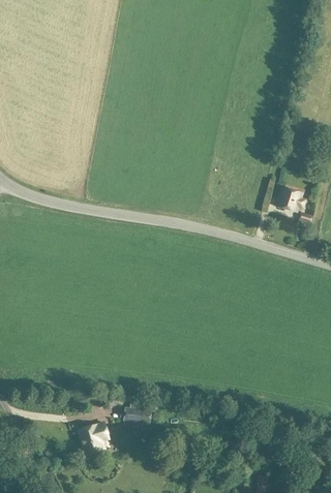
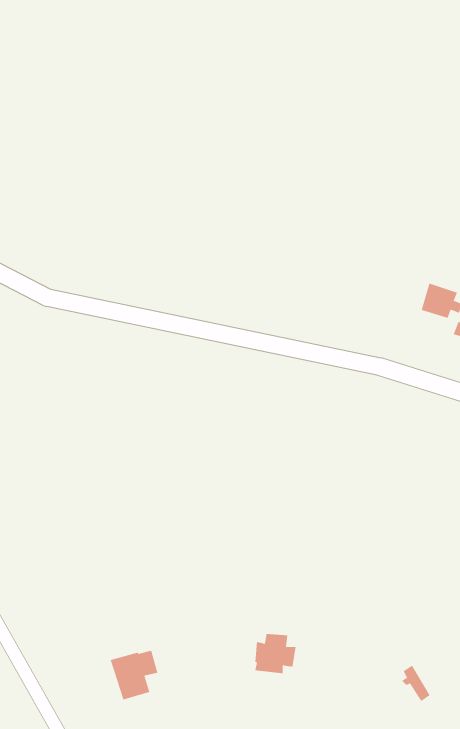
building: [123,401,150,427] -> [254,634,296,674]

